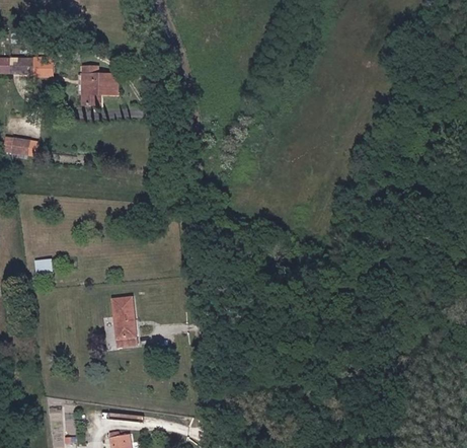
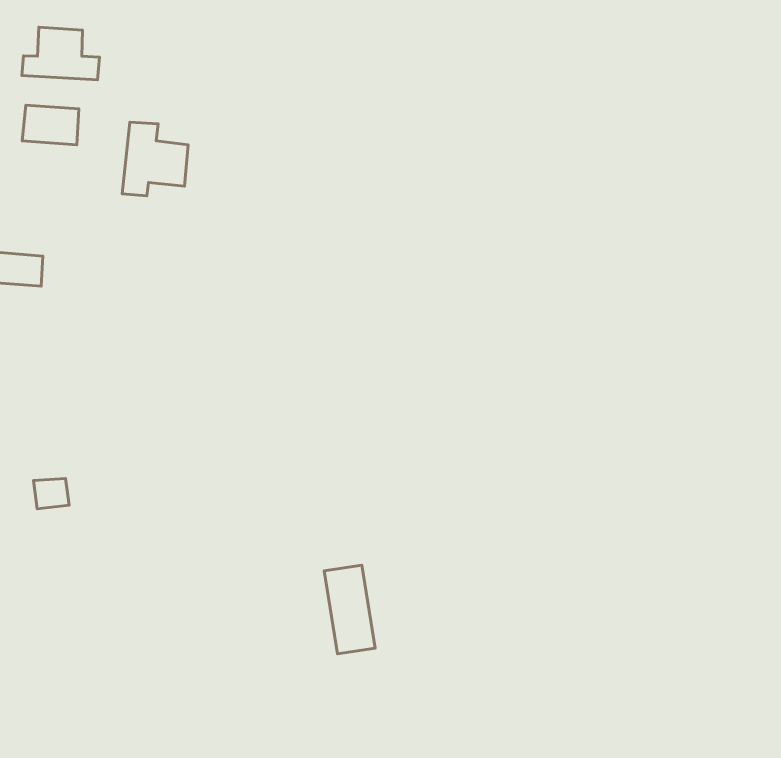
building: none -> [22,27,100,80]
building: [109,298,137,346] -> [324,565,375,654]

